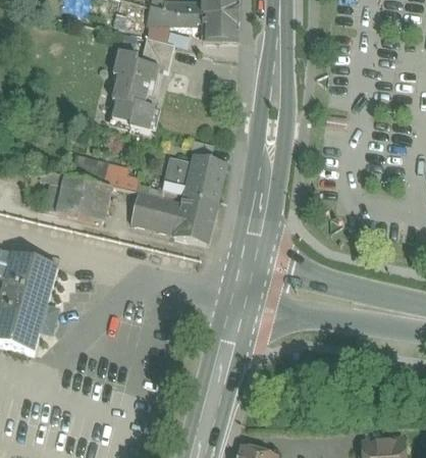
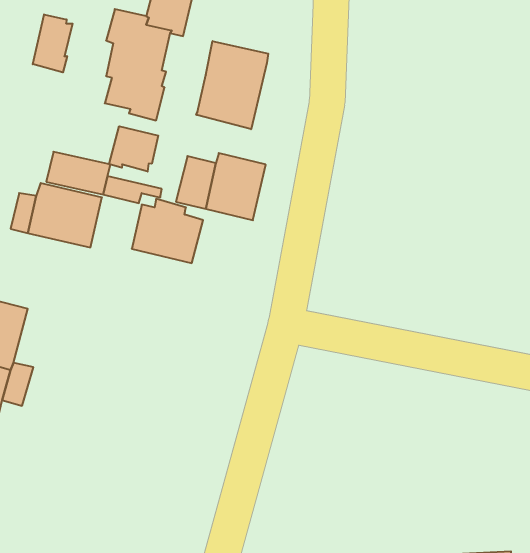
building: none -> [33,14,73,72]
building: none -> [196,41,268,129]
building: none -> [109,126,158,172]
building: [174,194,218,243] -> none

